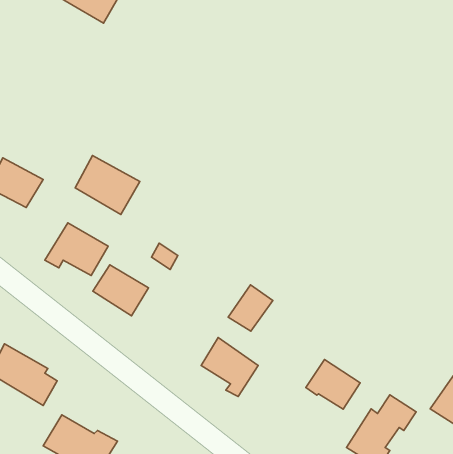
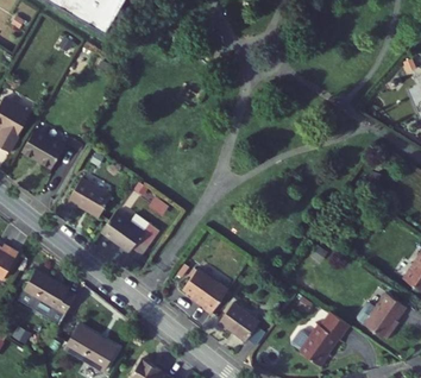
building: [75,156,140,215] -> none
building: [228,285,273,331] -> none
building: [306,360,360,409] -> [220,303,262,341]

